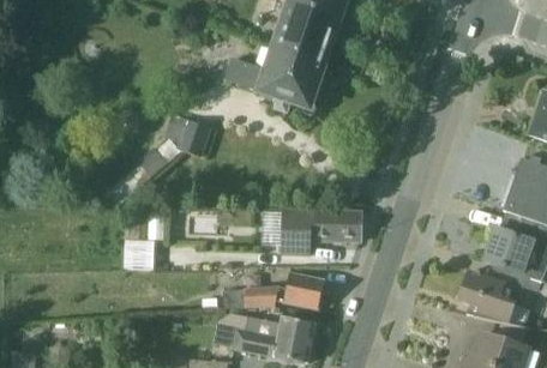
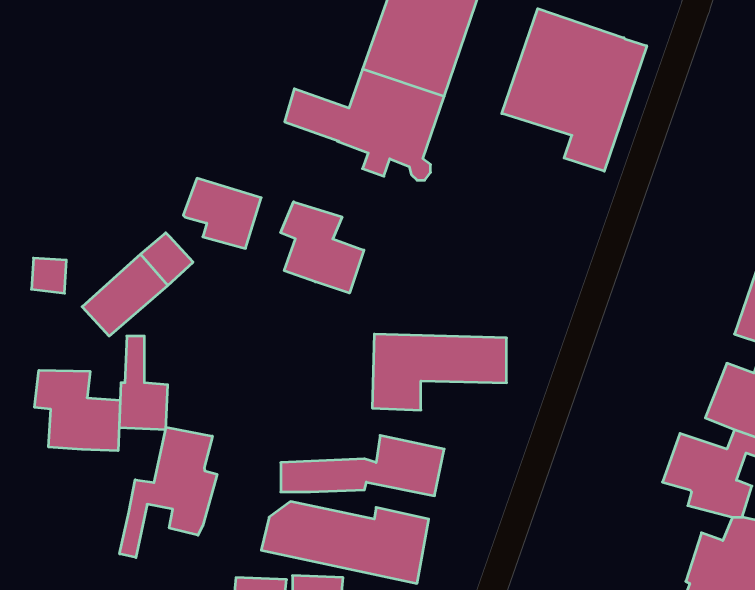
building: none -> [502,9,647,171]
building: none -> [281,202,364,293]
building: none -> [35,370,120,451]
building: none -> [120,427,217,558]

